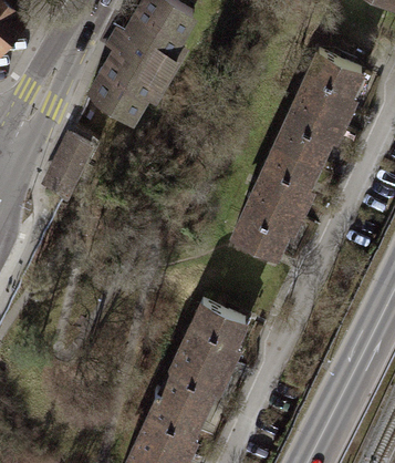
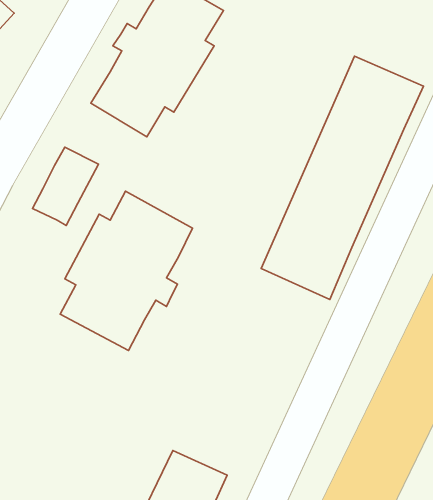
building: none -> [60,191,193,351]
building: [156,299,247,413] -> none

